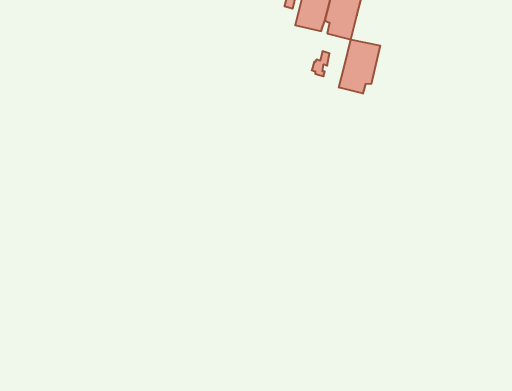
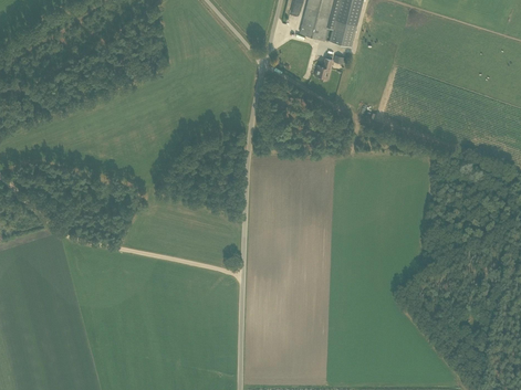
building: [339,39,380,94] -> none

